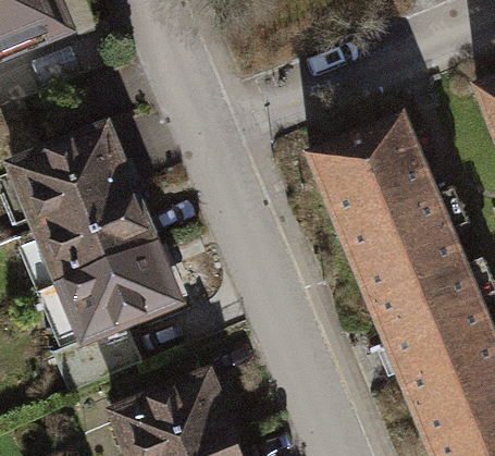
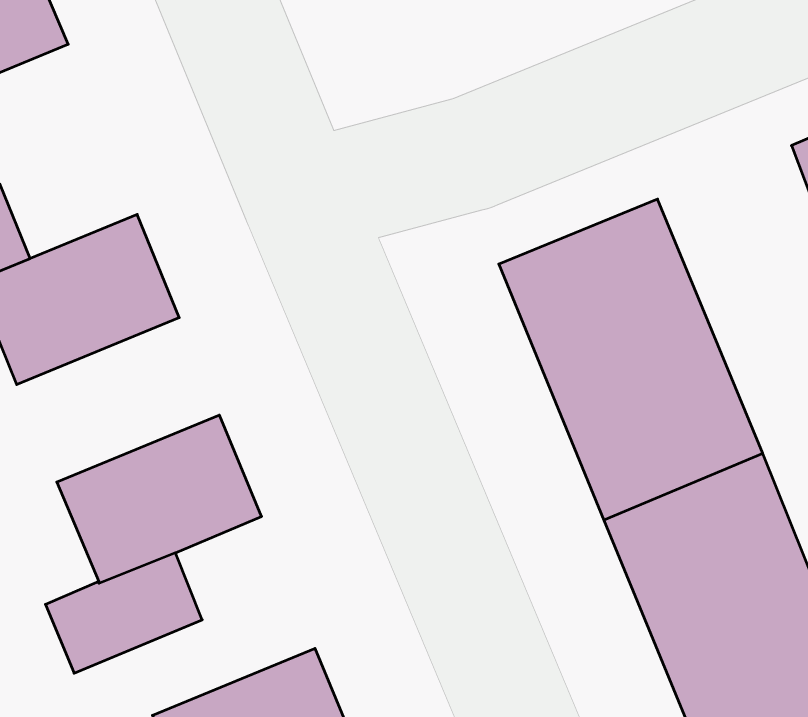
building: [37,184,152,278] -> none

